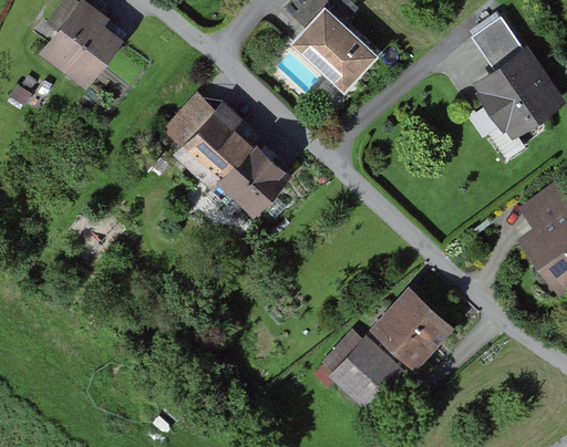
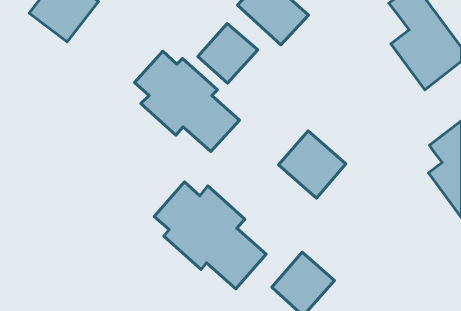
building: none -> [198,24,258,83]
building: none -> [154,182,266,289]
building: [373,289,454,370] -> [279,131,346,198]

